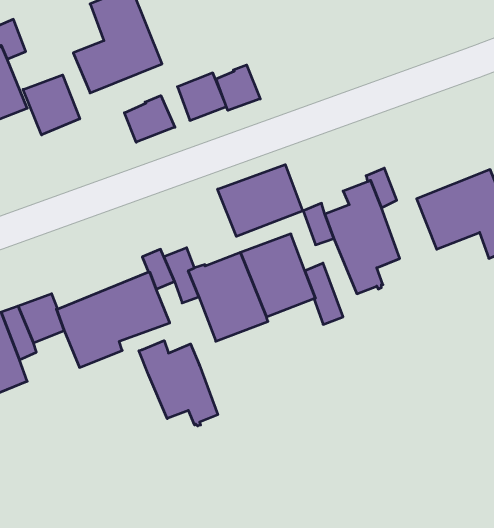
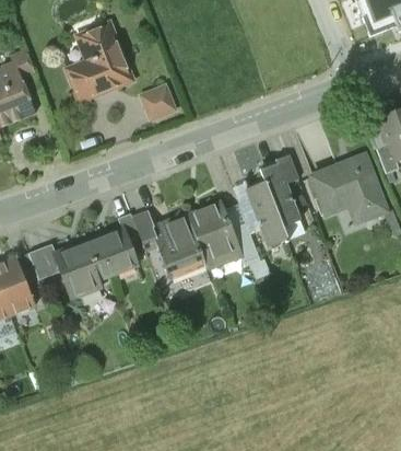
building: [216,65,260,110] -> none
building: [23,75,80,135] -> none
building: [124,96,175,142] -> none
building: [218,165,303,236] -> none
building: [139,341,218,426] -> none

